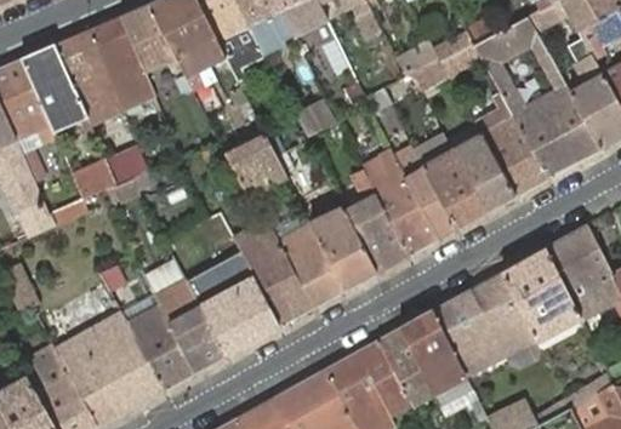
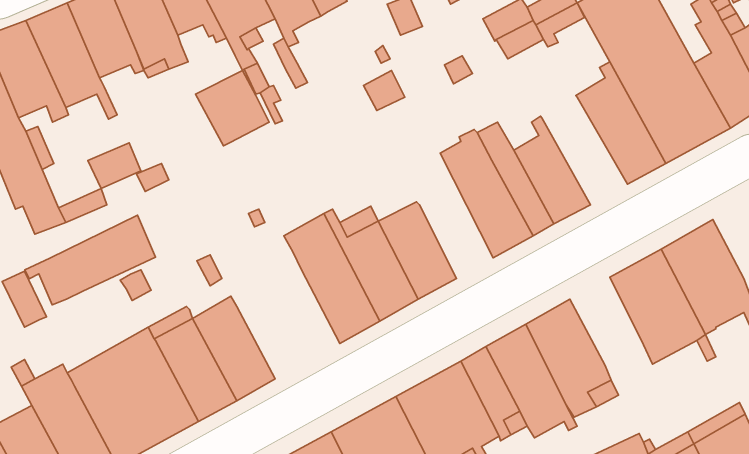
building: [446,124,517,212] -> none
building: [227,136,287,198] -> [195,71,269,146]
building: [346,170,406,273] -> none
building: none -> [25,215,155,305]
building: [188,251,280,355] -> none
building: [469,271,530,344] -> none

